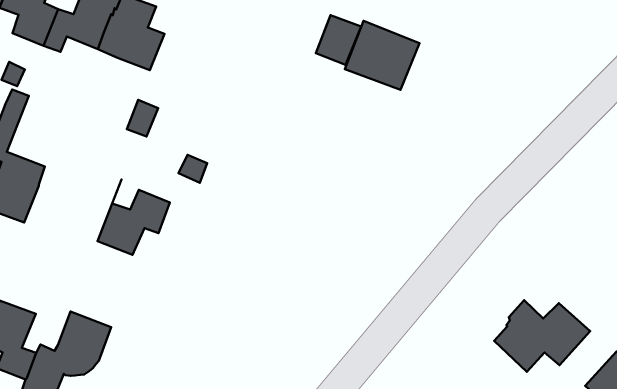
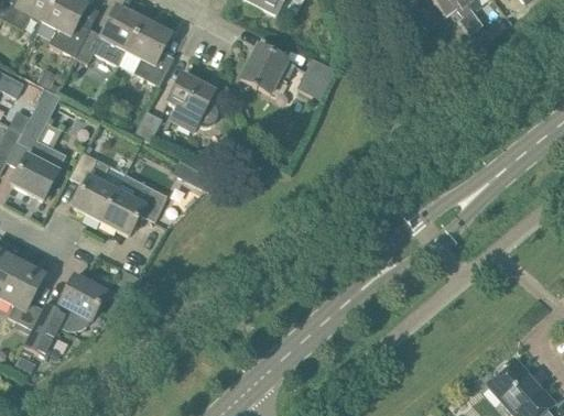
building: none -> [240,44,296,94]
building: [345,21,419,90] -> none
building: none -> [167,74,217,131]
building: none -> [69,151,127,221]
building: [494,300,590,372] -> none

